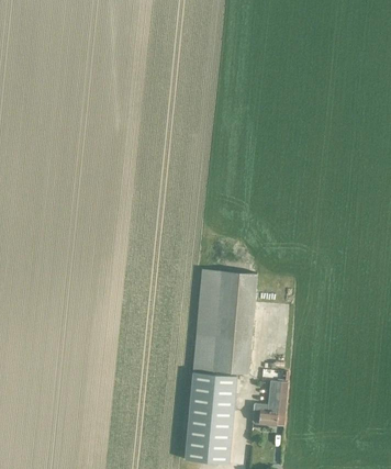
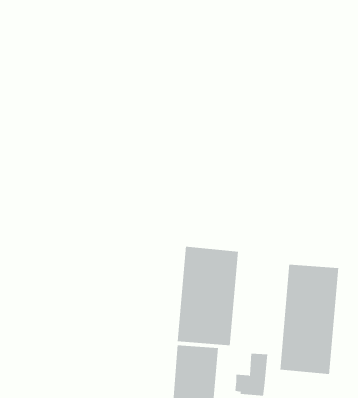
building: none -> [280,264,339,375]

